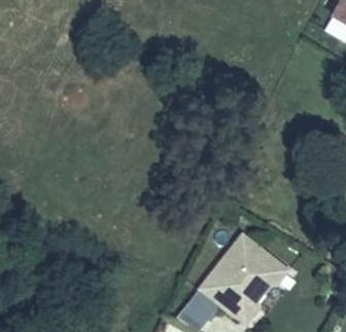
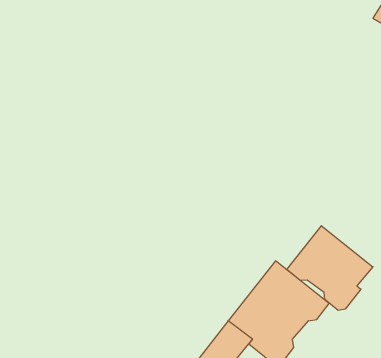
building: none -> [287,226,373,310]

